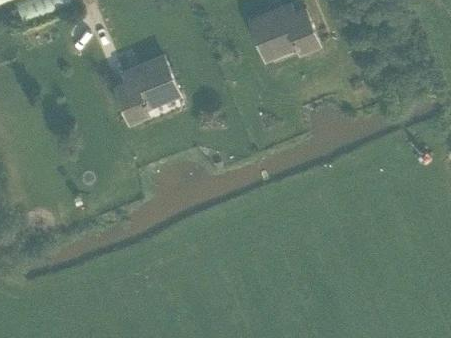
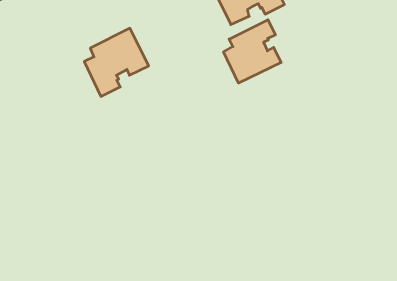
building: none -> [224,20,281,83]

